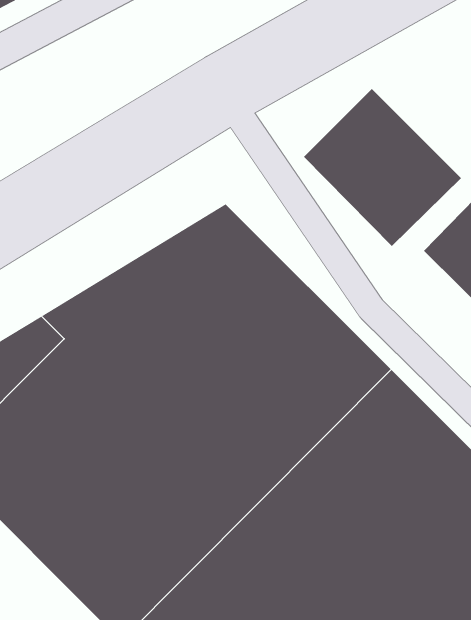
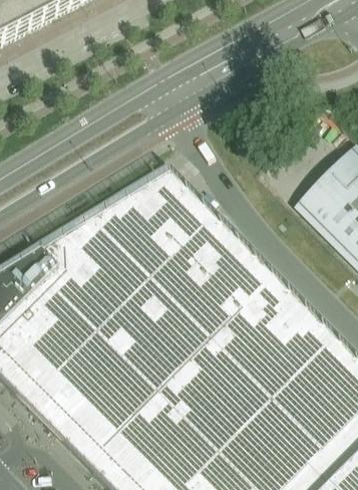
building: [303,88,462,247] -> none

